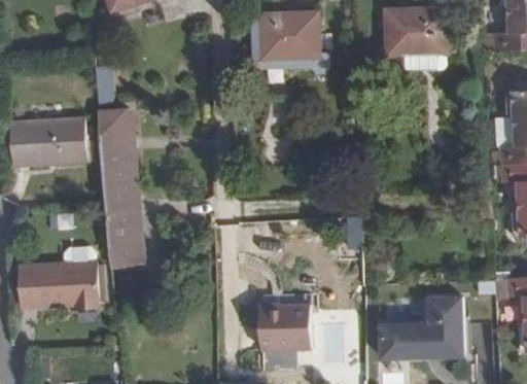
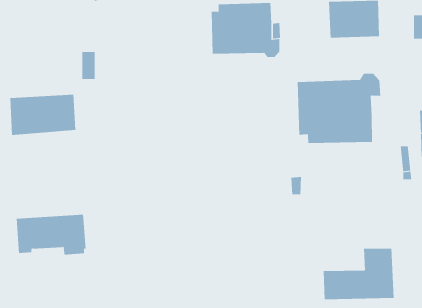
building: none -> [297,73,381,144]
building: [96,107,145,269] -> none
building: [258,304,310,348] -> none

